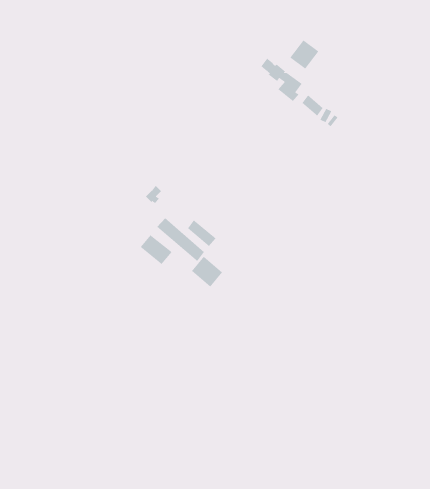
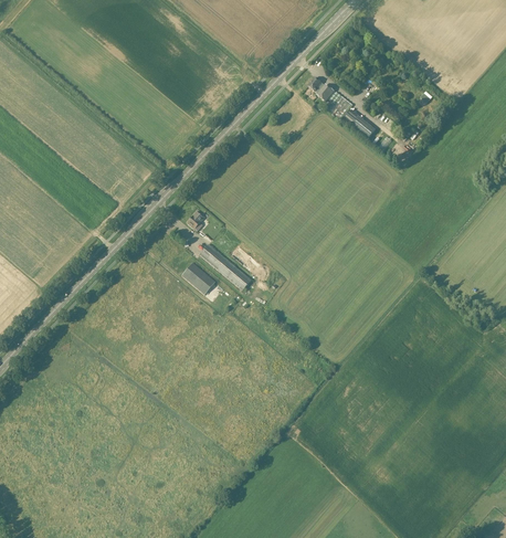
building: [290,39,319,70] -> none
building: [191,256,223,287] -> none

